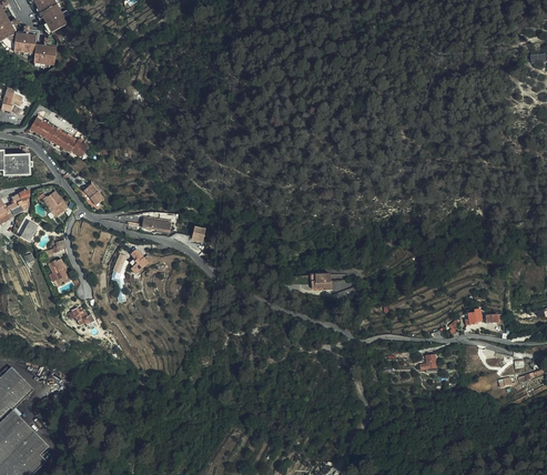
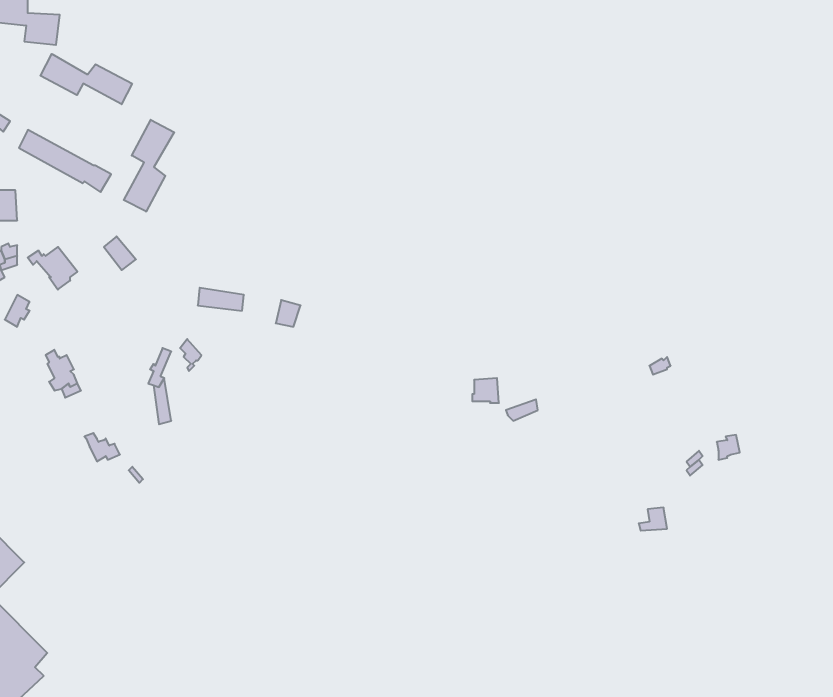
building: none -> [40,54,132,104]
building: none -> [124,120,174,212]

